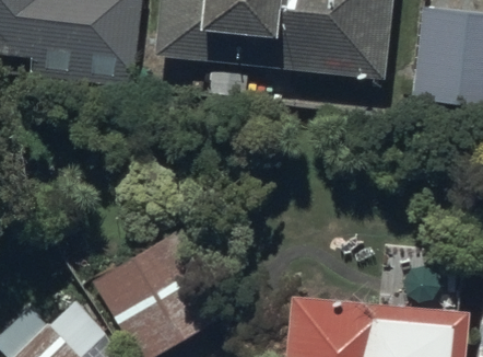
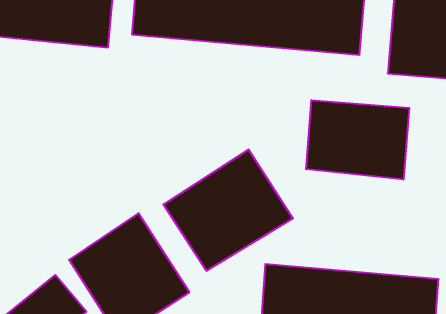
building: none -> [306,100,409,180]
building: none -> [163,149,293,271]

